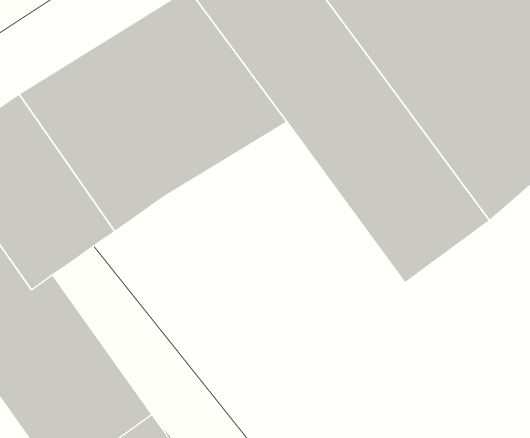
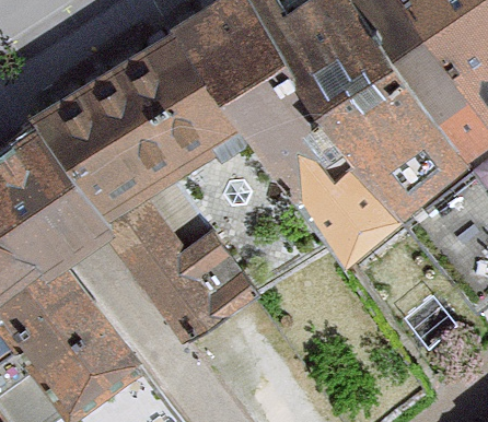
building: none -> [102,196,233,331]

